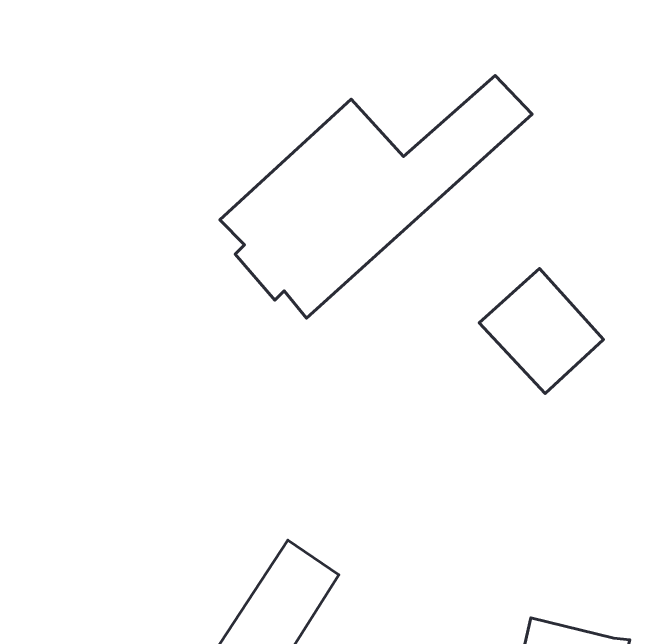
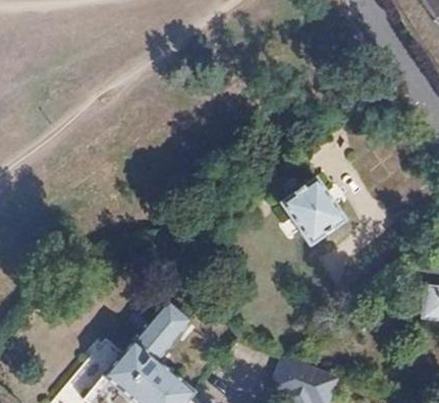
building: [220,75,532,318] -> none

